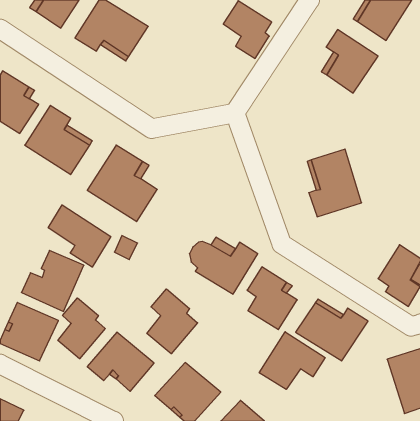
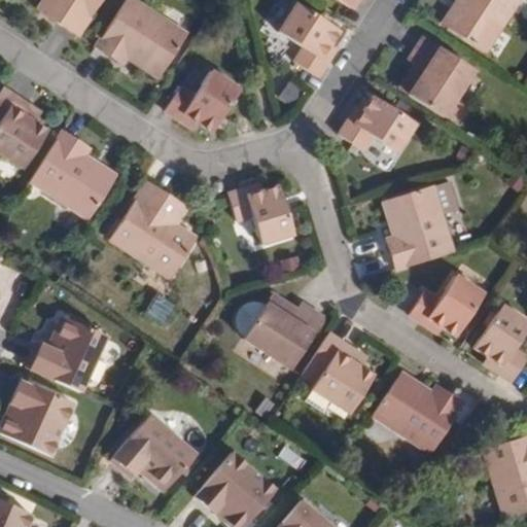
building: none -> [166,70,238,131]
building: none -> [339,97,413,151]
building: none -> [226,184,291,245]
building: [48,205,111,267] -> none
building: none -> [410,277,483,337]
building: [147,289,198,354] -> none
building: [58,298,105,359] -> none
building: [259,332,325,389] -> none

